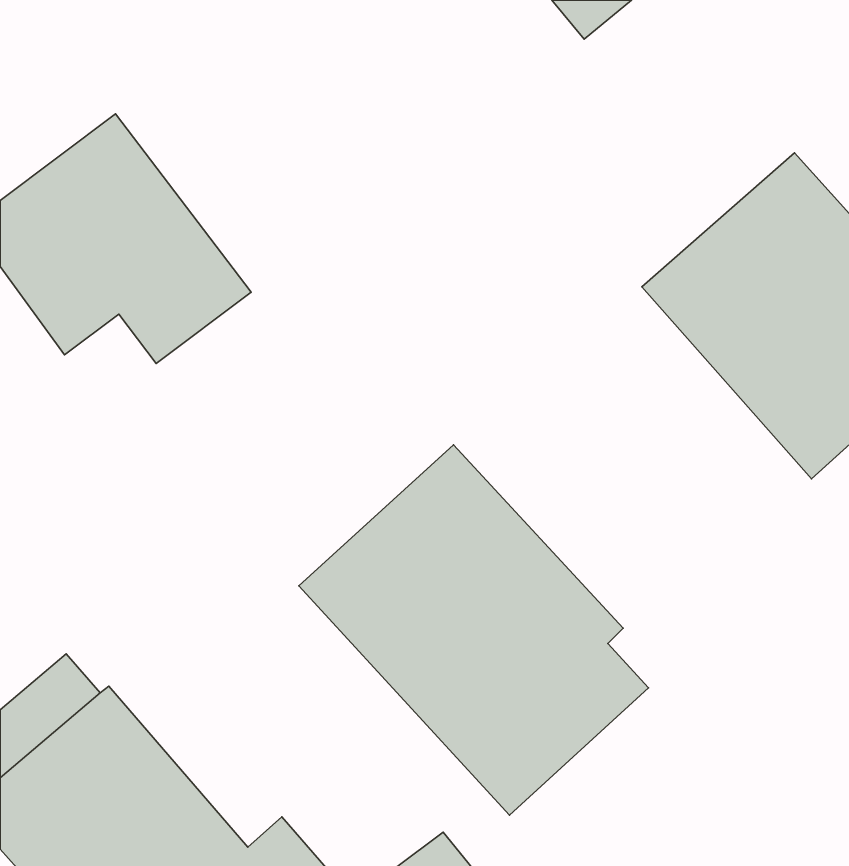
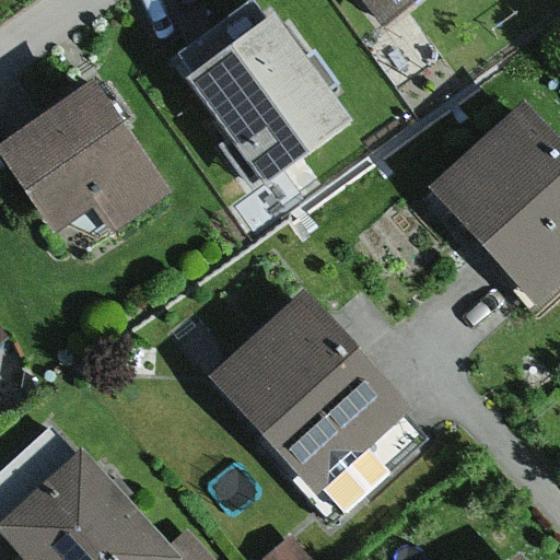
building: none -> [179,10,345,177]

